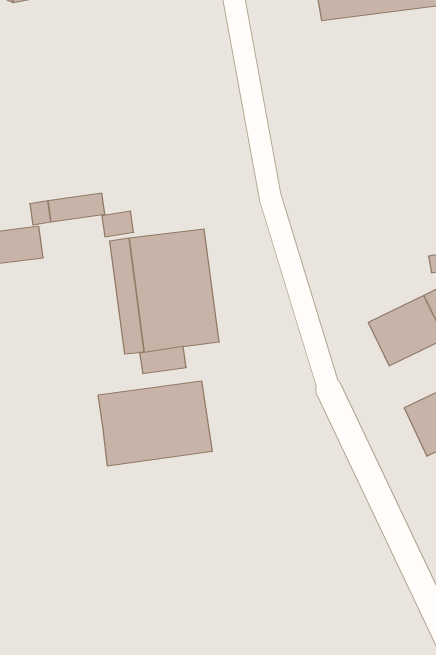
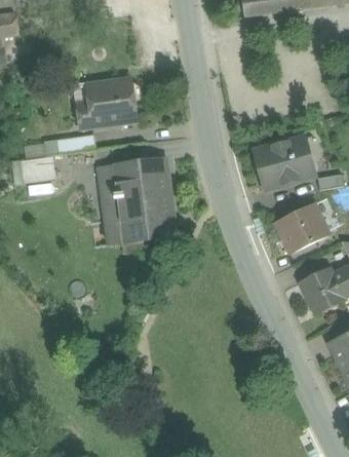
building: none -> [76,79,139,126]
building: none -> [254,138,312,187]
building: [98,381,212,466] -> none

